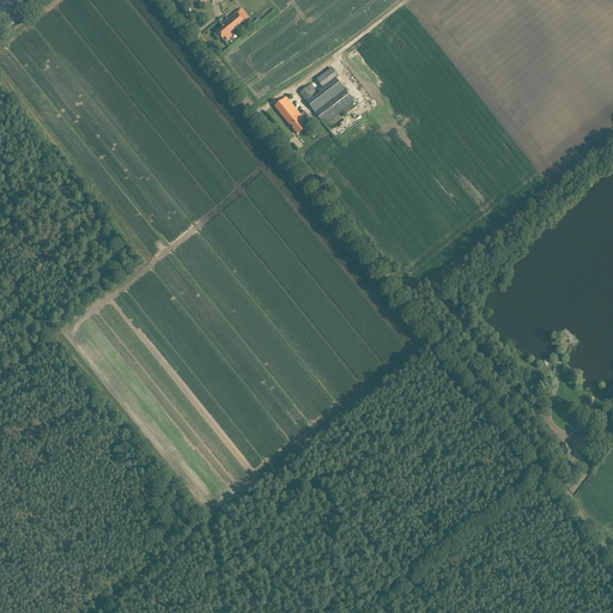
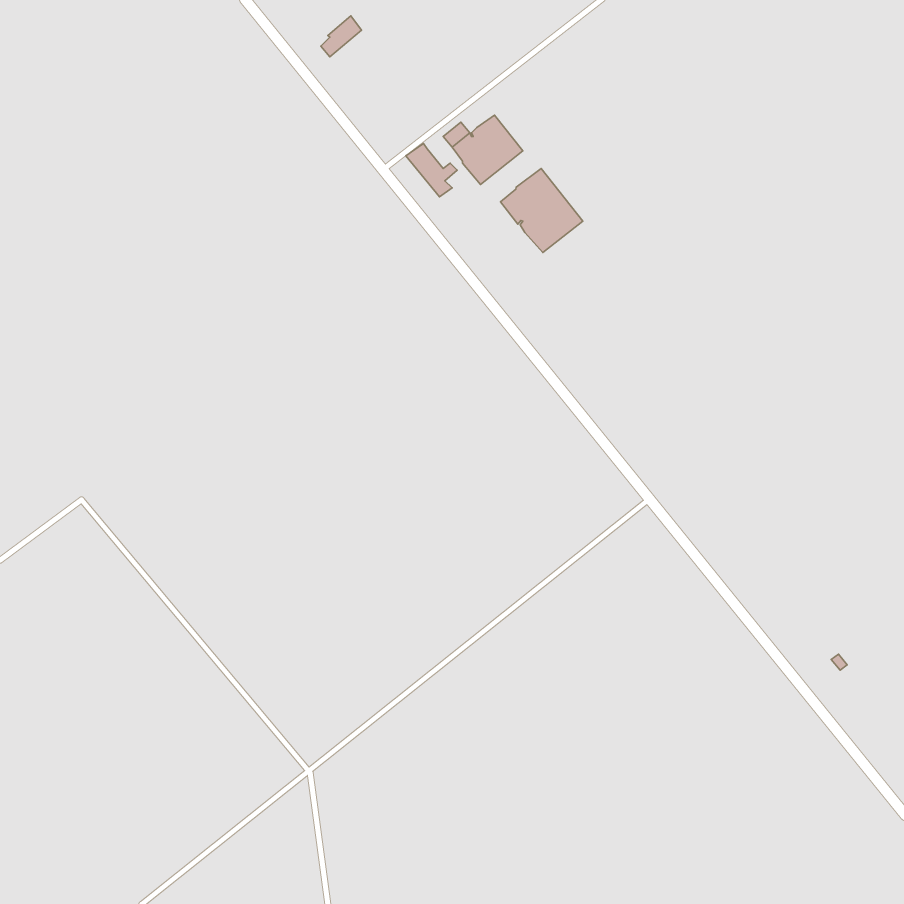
building: none -> [501,168,583,253]

